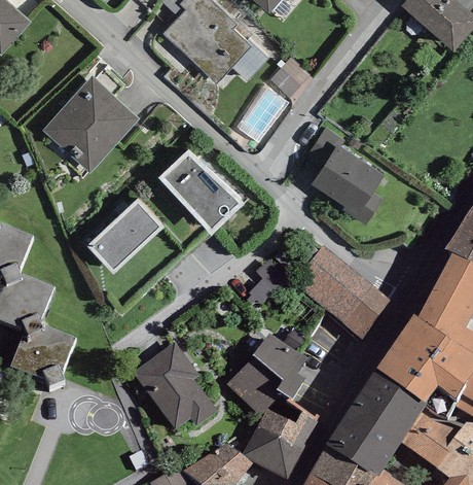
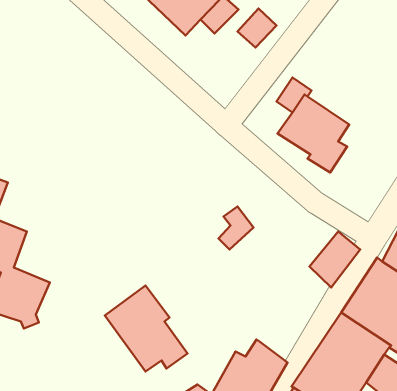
building: [41,75,139,173] -> none
building: [157,146,244,235] -> none
building: [85,197,165,274] -> none
building: [293,245,372,321] -> none
building: [225,333,305,416] -> none

